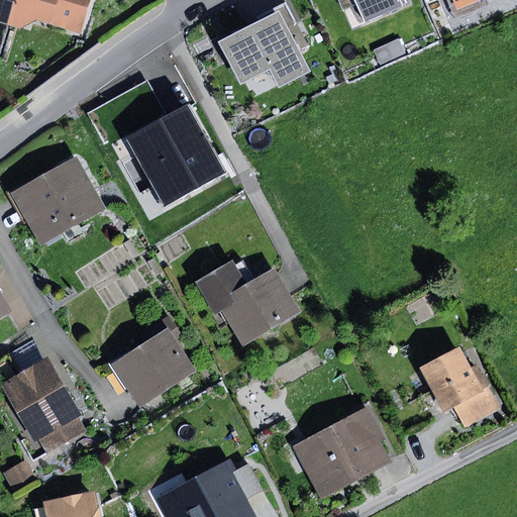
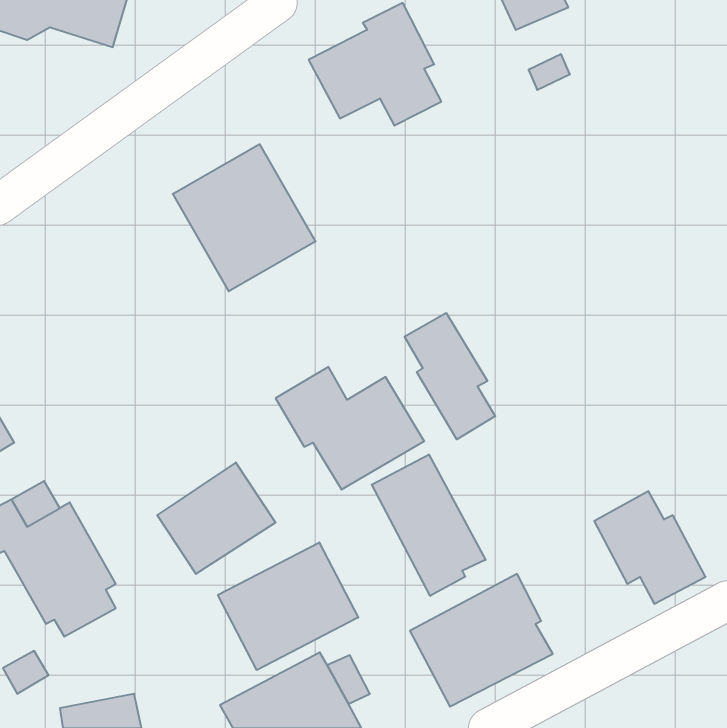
building: [10,157,105,245] -> none
building: none -> [405,313,495,439]
building: none -> [372,454,486,596]
building: none -> [218,542,358,670]

